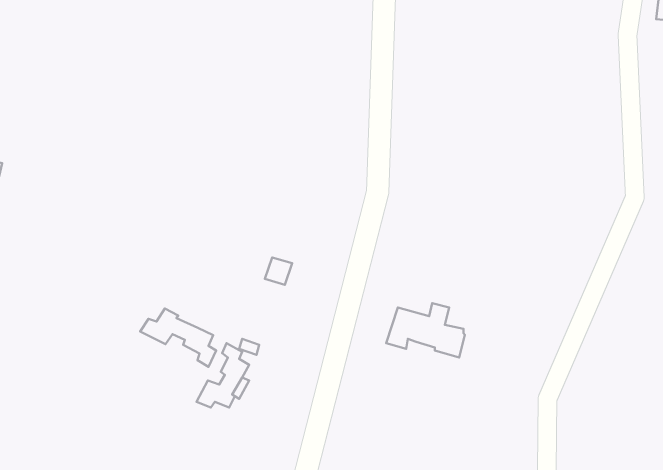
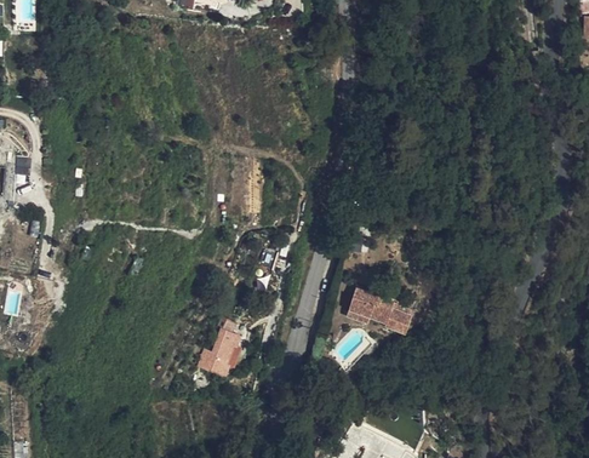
building: [140,309,216,367] -> none

